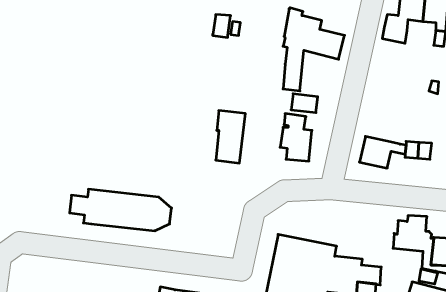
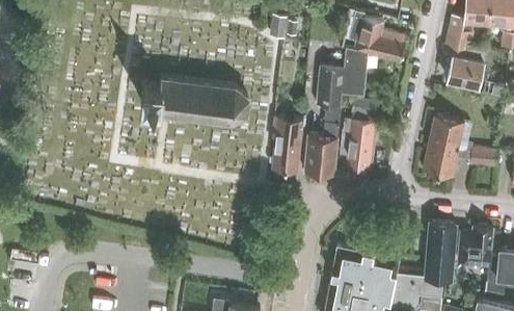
building: none -> [443,42,486,87]
building: none -> [304,67,345,177]
building: none -> [429,118,464,151]
building: [70,189,172,231] -> [142,79,249,123]
building: none -> [425,223,457,283]

